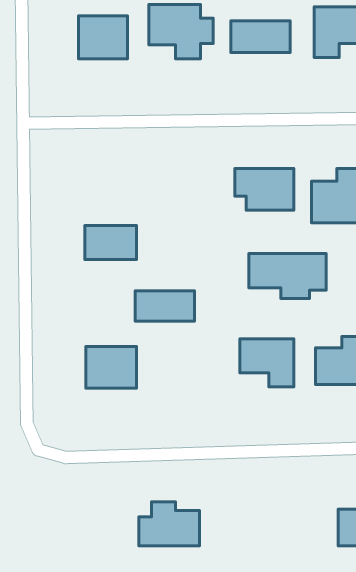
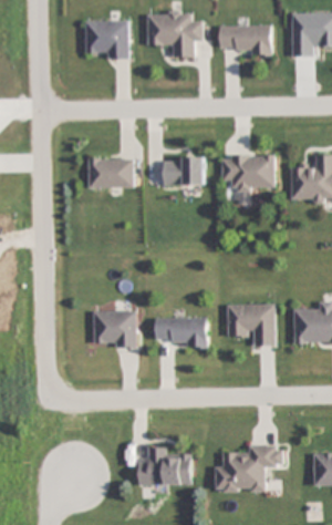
building: none -> [164,156,205,184]
building: [85,225,137,259] -> [89,157,134,187]
building: [249,254,326,298] -> none
building: [135,291,194,321] -> [155,318,207,344]
building: none -> [215,444,282,492]

